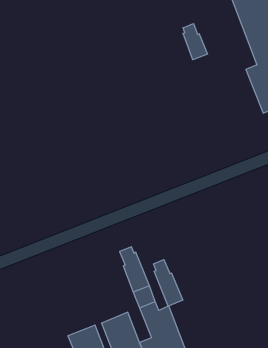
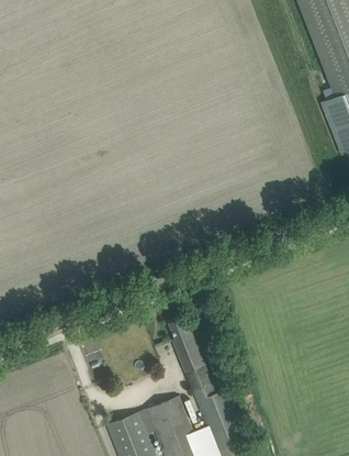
building: [183,24,207,60] -> none
building: [153,260,183,306] -> none

